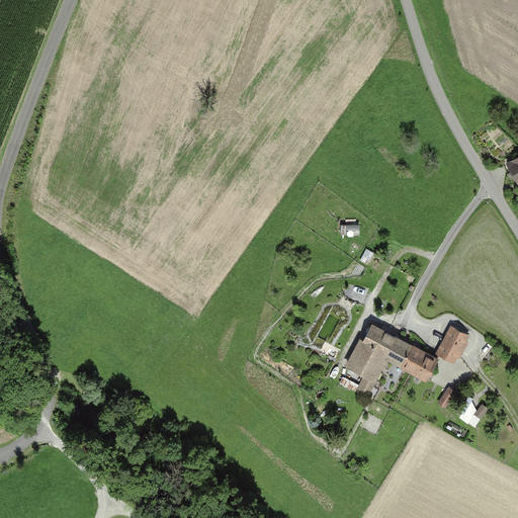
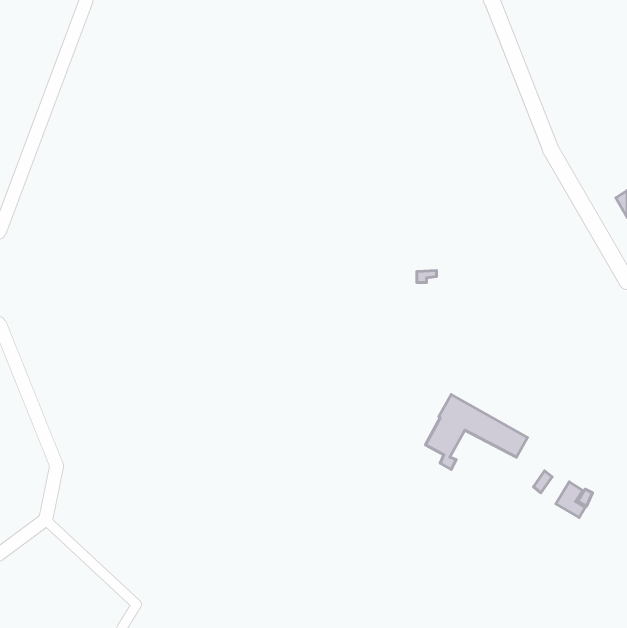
building: [438,328,465,360] -> none

